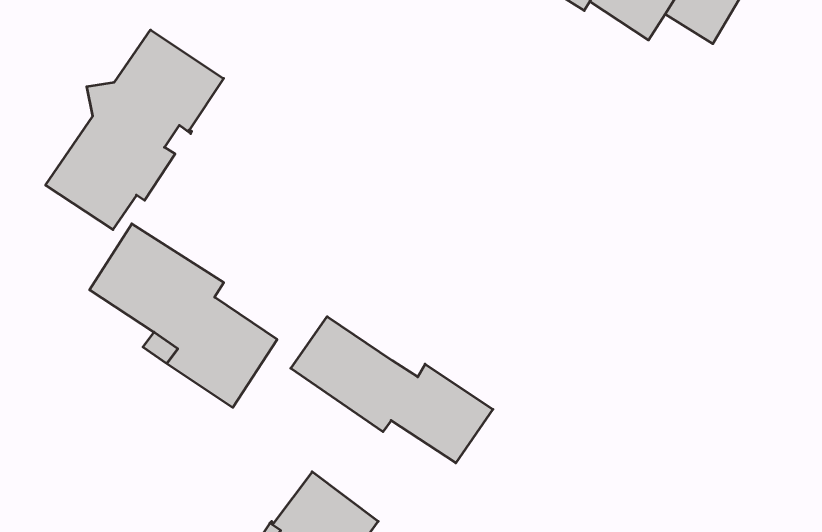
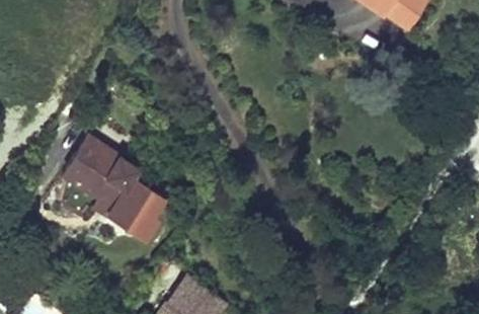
building: [46,30,224,230] -> none
building: [291,317,493,463] -> none

